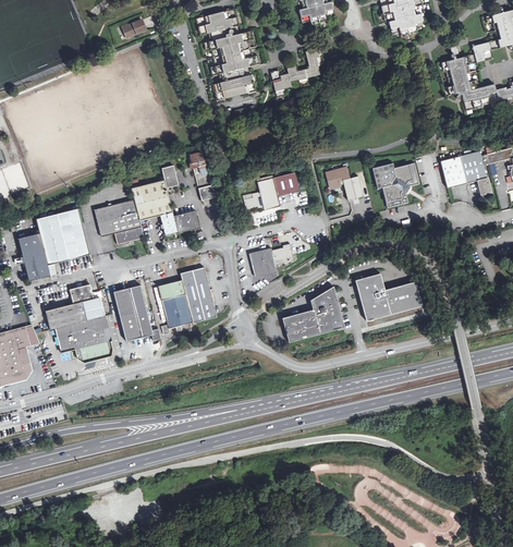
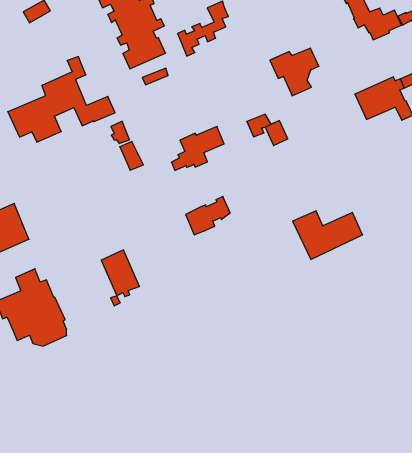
building: [371,162,419,207] -> [270,48,319,96]
building: [94,165,200,243] -> [8,57,115,142]
building: [181,266,216,318] -> none
building: [113,283,160,340] -> none
building: [283,285,345,341] -> none

